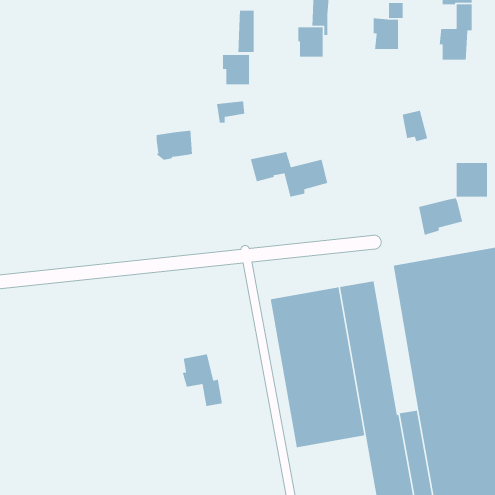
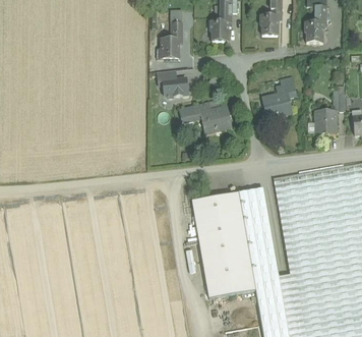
building: [156,130,193,161] -> [163,76,187,97]
building: [418,197,464,236] -> [262,93,293,118]
building: [182,354,223,407] -> none

